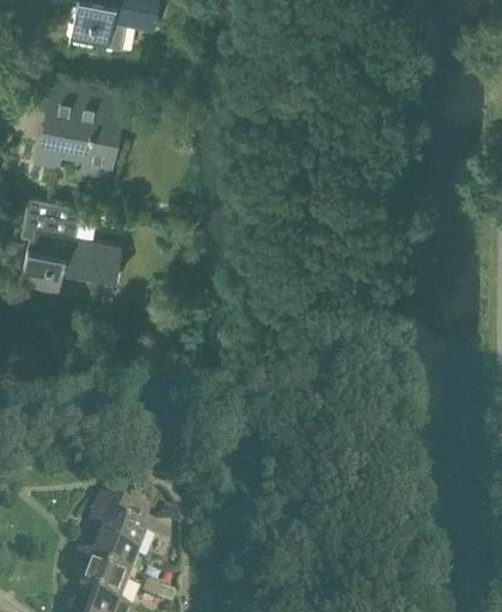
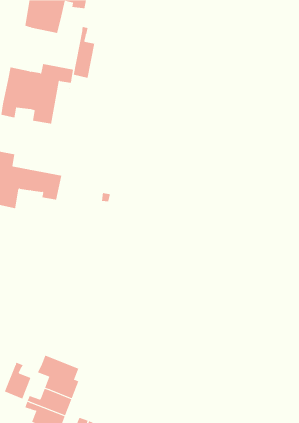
building: none -> [73,26,95,79]
building: none -> [4,362,31,400]

